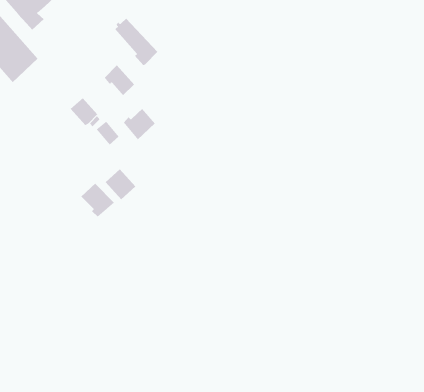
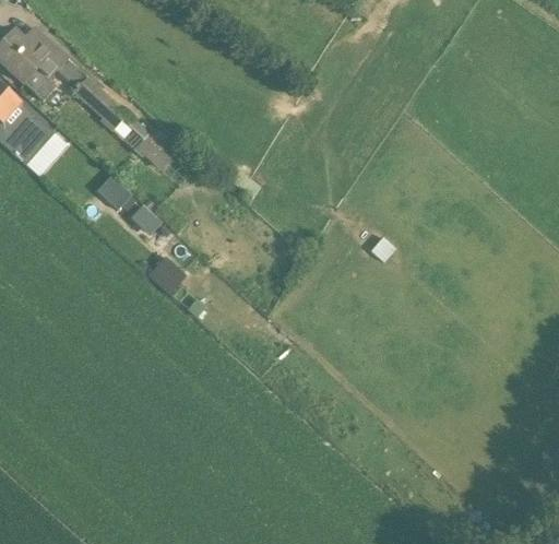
building: [114,18,158,66] -> [72,74,128,130]
building: [123,108,156,140] -> none
building: [80,183,115,218] -> none

